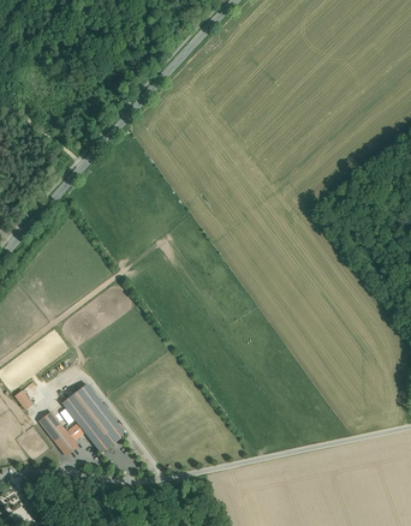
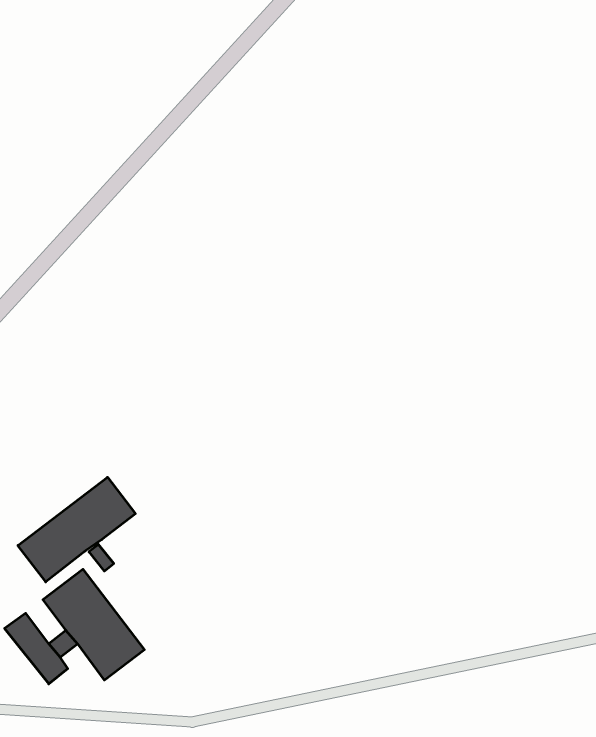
building: none -> [18,477,135,582]

